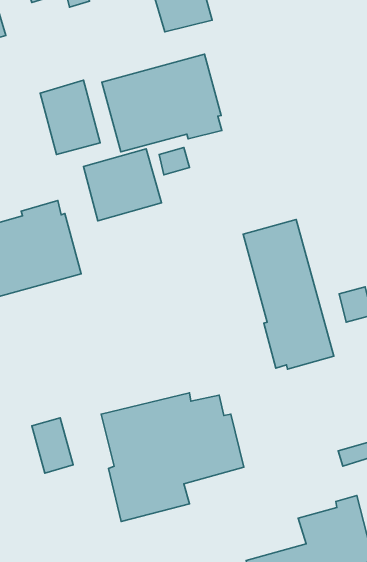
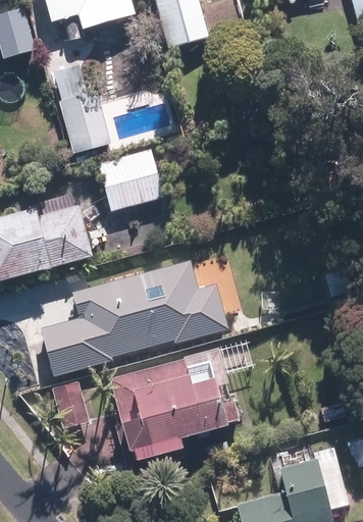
building: [102,54,222,152] -> none
building: [243,219,334,369] -> none
building: none -> [34,261,222,376]

